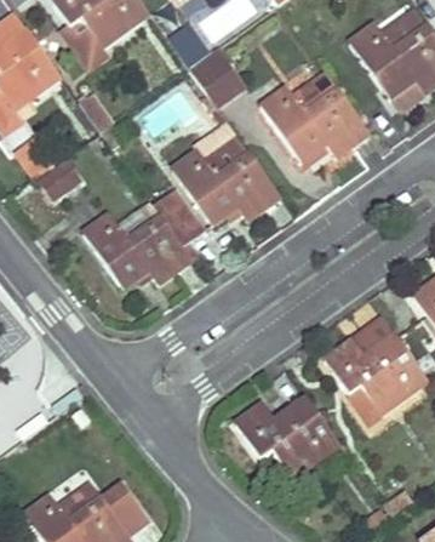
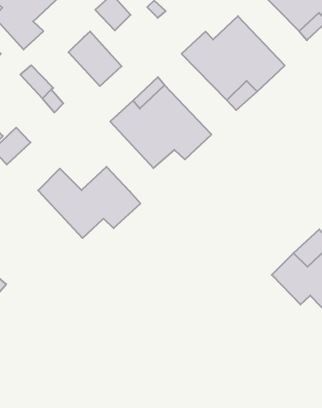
building: [189,49,245,109] -> [68,31,122,86]
building: [154,189,205,245] -> none
building: [235,395,340,475] -> none

